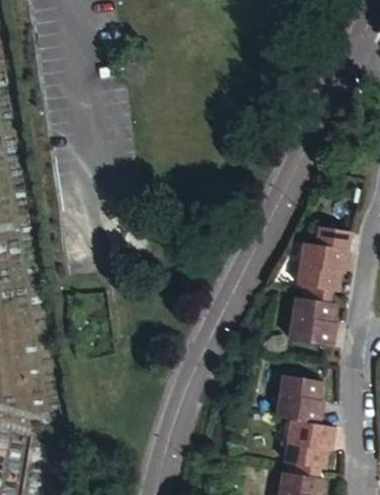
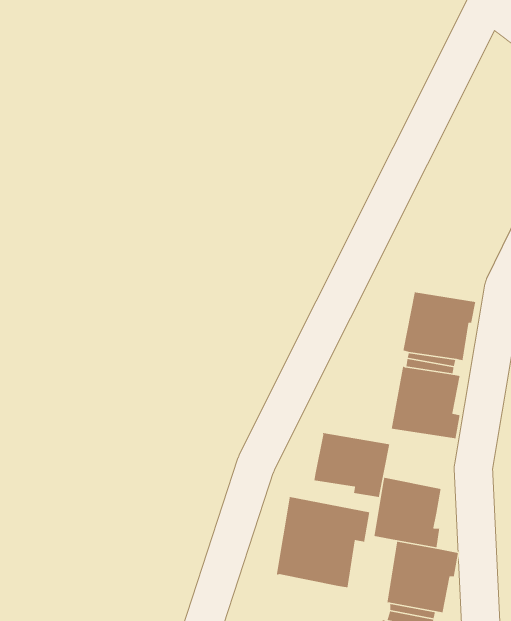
building: none -> [314,432,390,498]
building: none -> [276,496,370,588]

